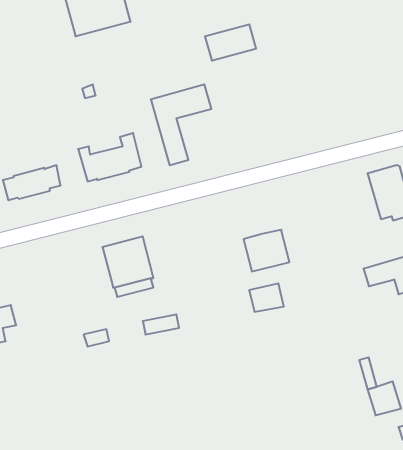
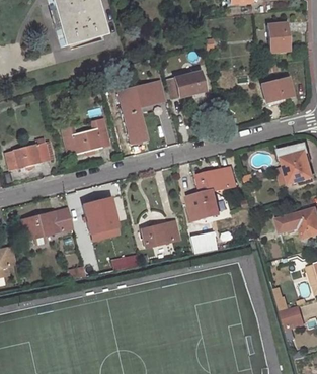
building: none -> [266,21,287,51]
building: [205,24,256,61] -> [165,70,204,97]
building: none -> [259,76,291,101]
building: none -> [196,166,236,193]
building: none -> [20,208,73,240]
building: none -> [140,218,179,247]

